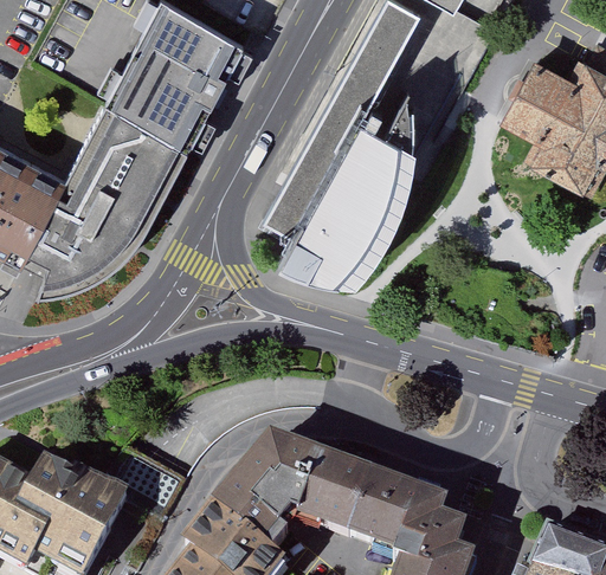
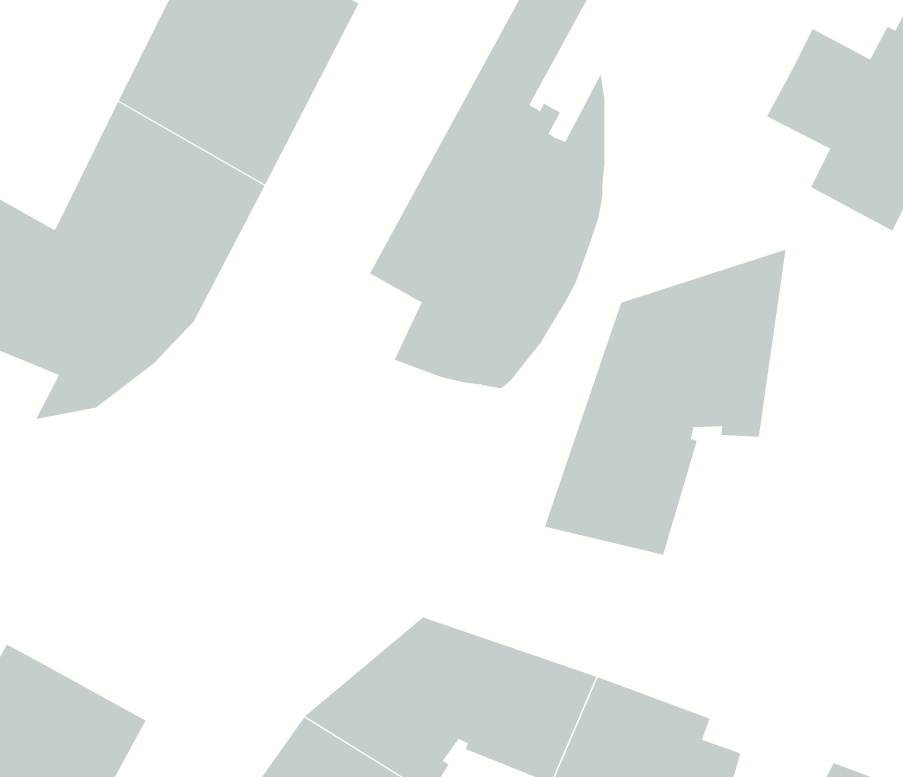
building: none -> [544,249,786,556]

